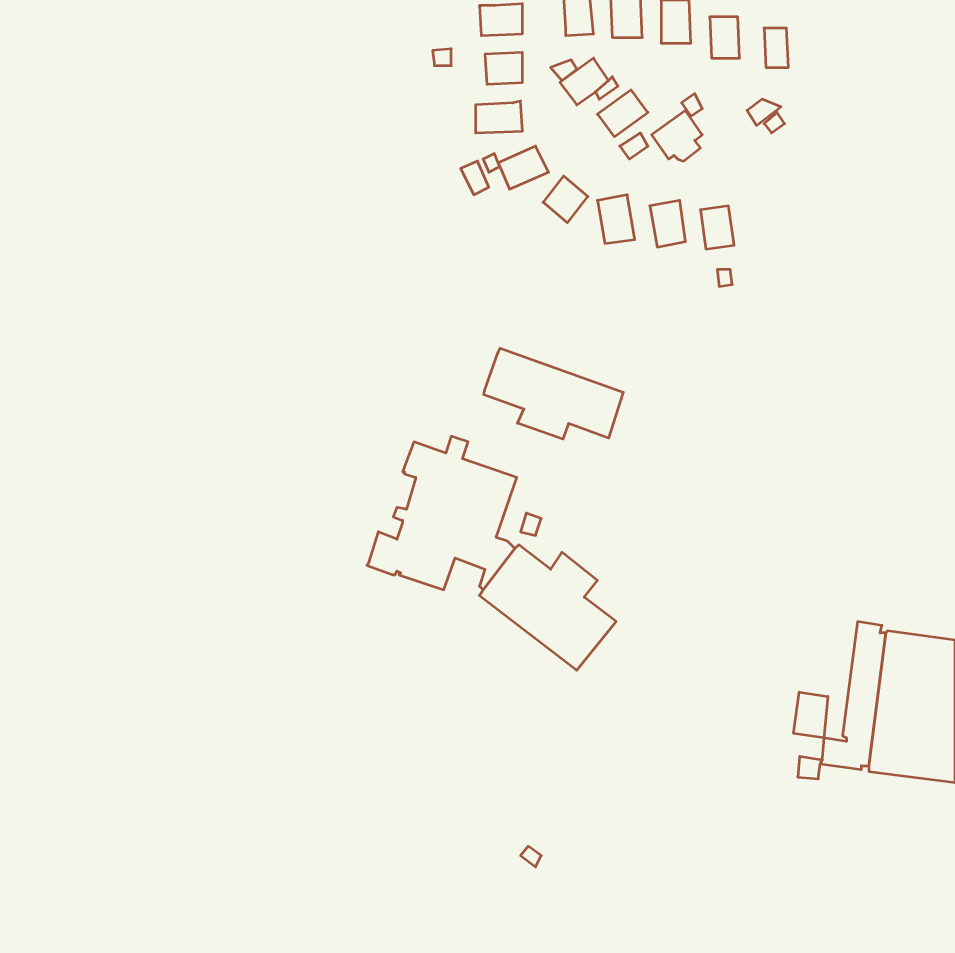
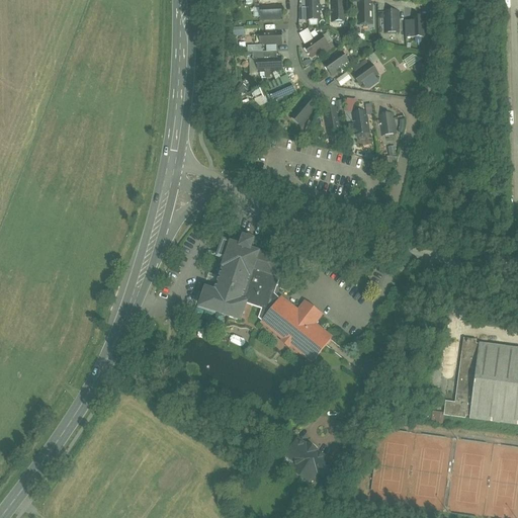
building: [484,348,623,439] -> none
building: [794,692,828,738] -> none
building: none -> [287,439,332,480]

